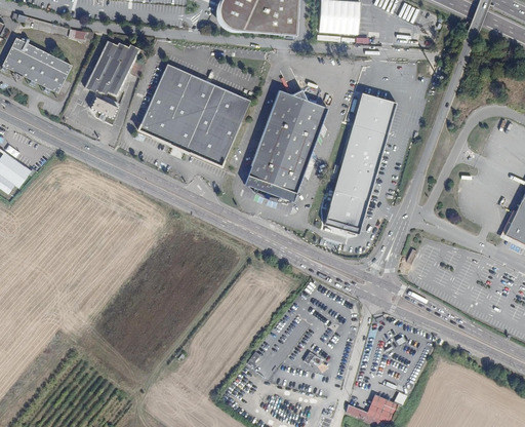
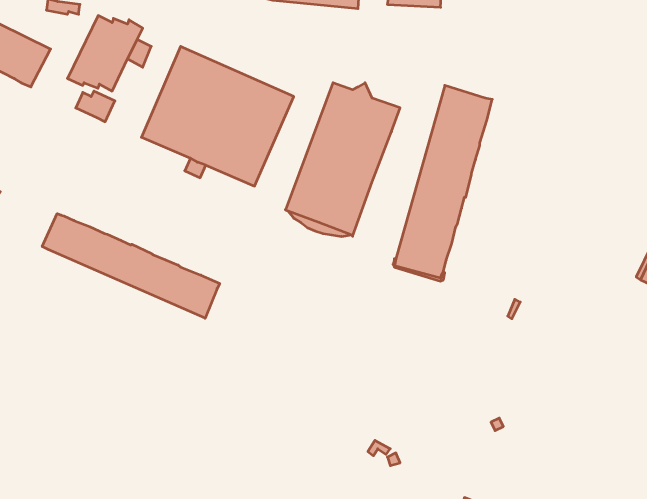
building: none -> [42,214,220,318]

